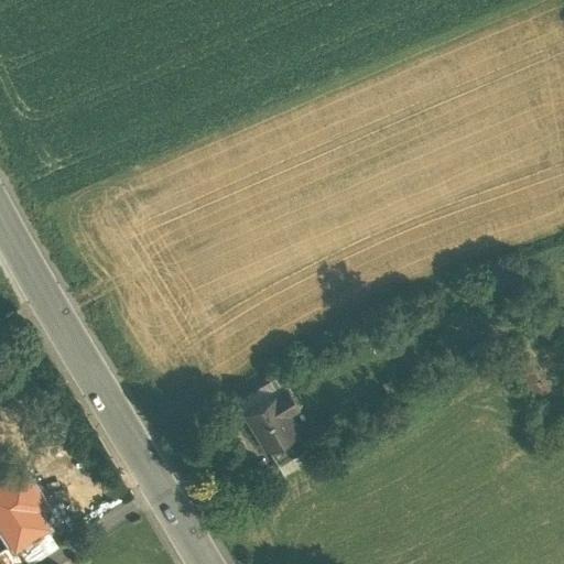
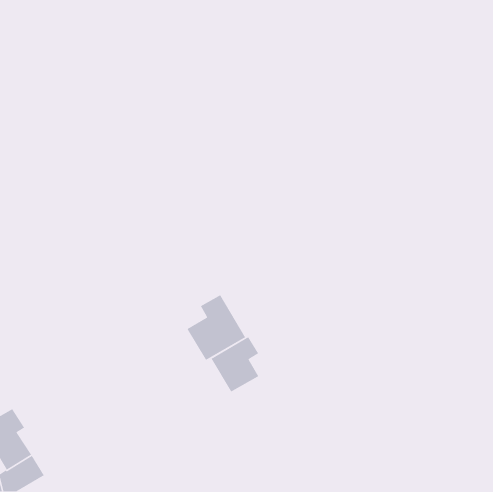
building: none -> [187,294,246,361]
building: [263,426,301,458] -> none

